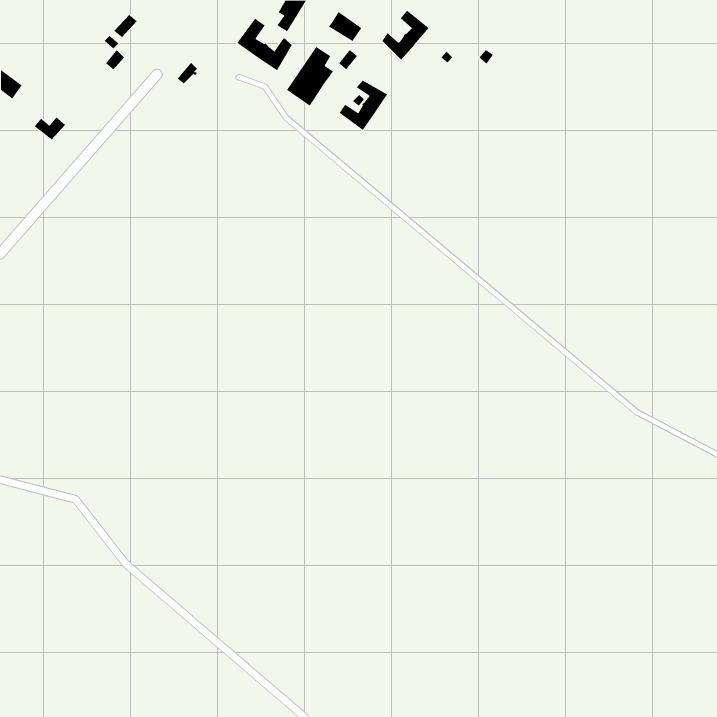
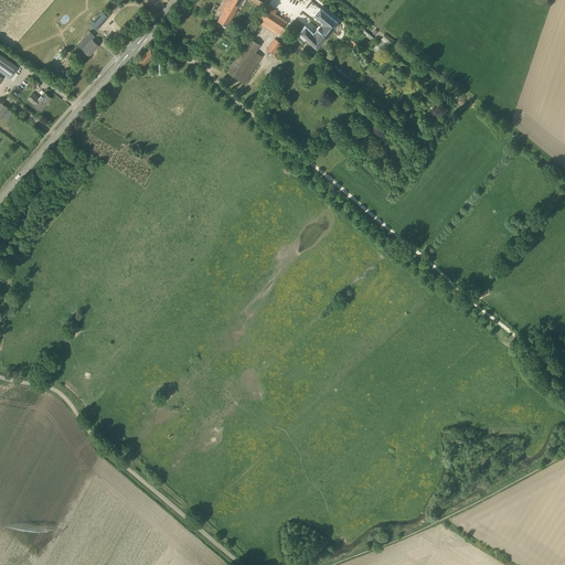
building: [236,18,292,71] -> none
building: [339,80,388,131] -> none

